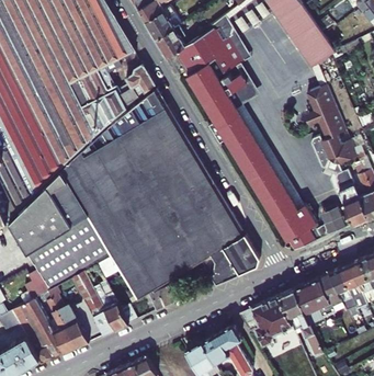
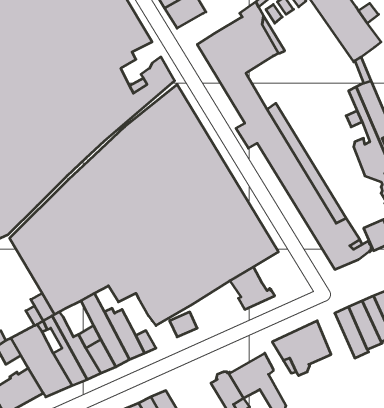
building: [156,25,189,57] -> none
building: [216,62,259,110] -> none
building: [223,235,259,273] -> none
building: [279,288,321,355] -> none

